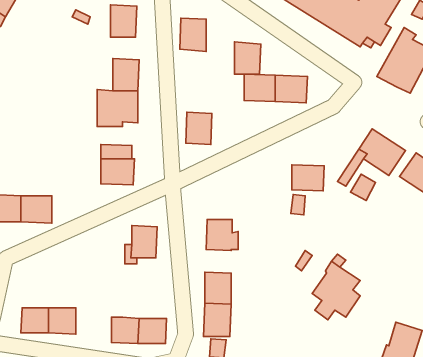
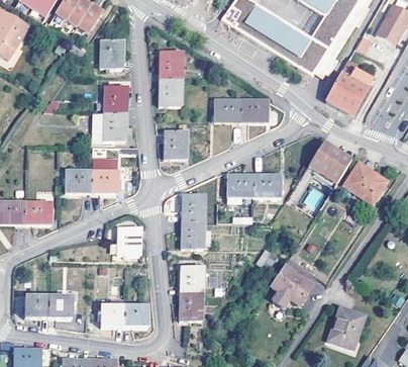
building: [235,42,261,74] -> [160,76,182,103]
building: none -> [65,168,93,190]
building: none -> [227,173,254,195]
building: none -> [183,194,205,220]

